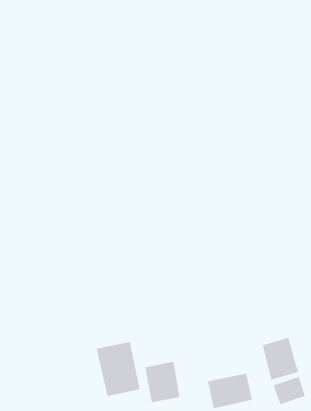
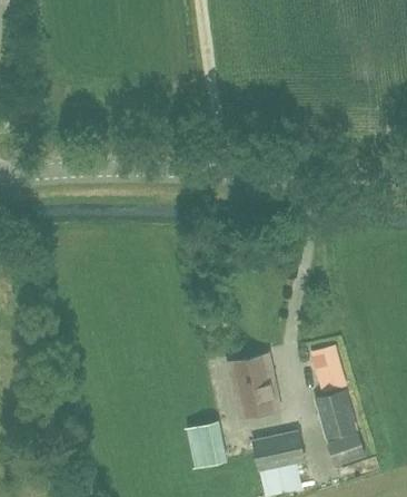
building: none -> [312,345,345,390]
building: [96,342,141,396] -> [229,354,279,416]

